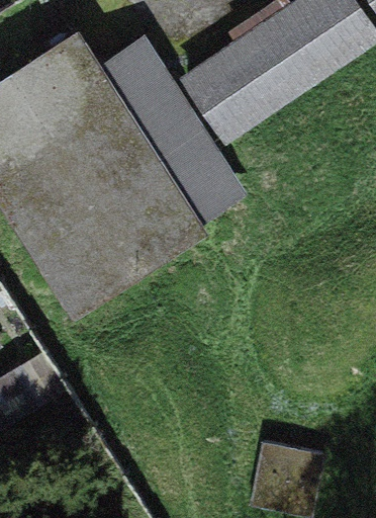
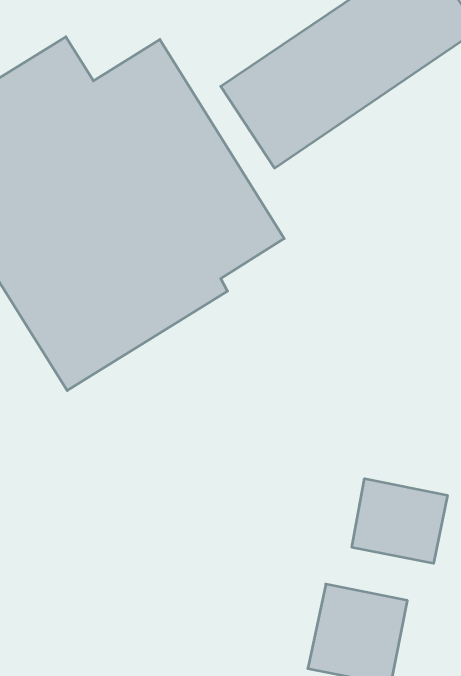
building: none -> [352,479,447,563]

